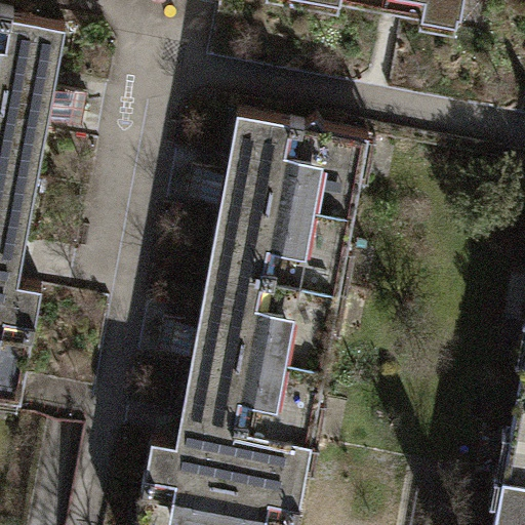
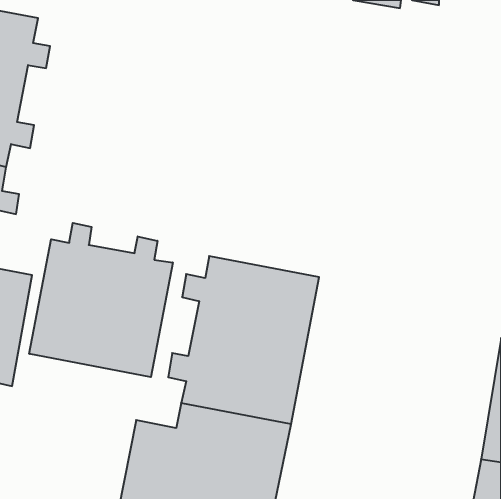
building: [200,118,357,296] -> none
building: none -> [29,223,173,377]

